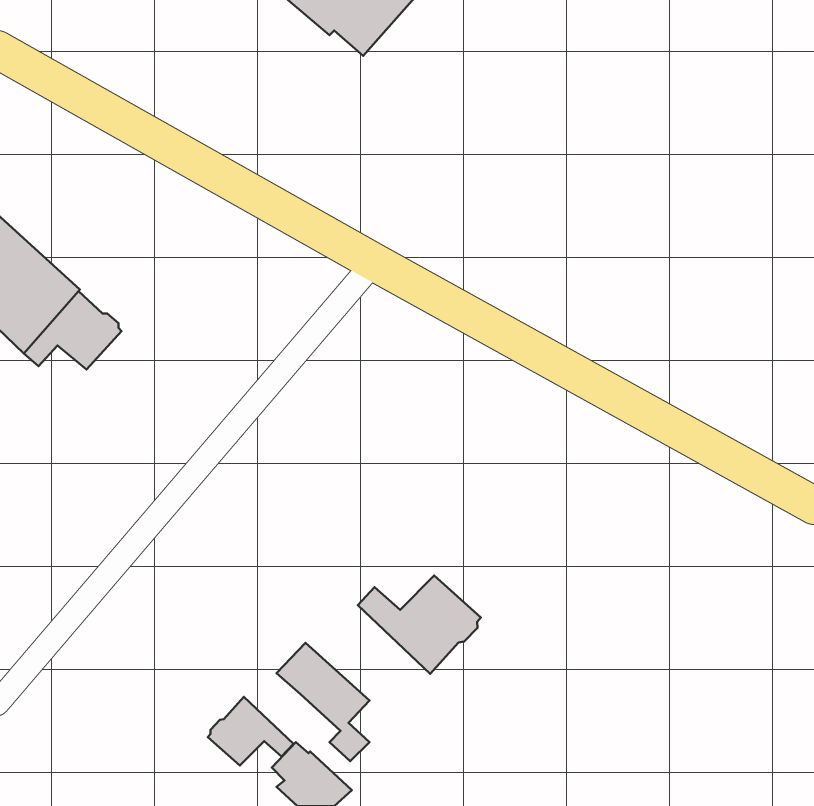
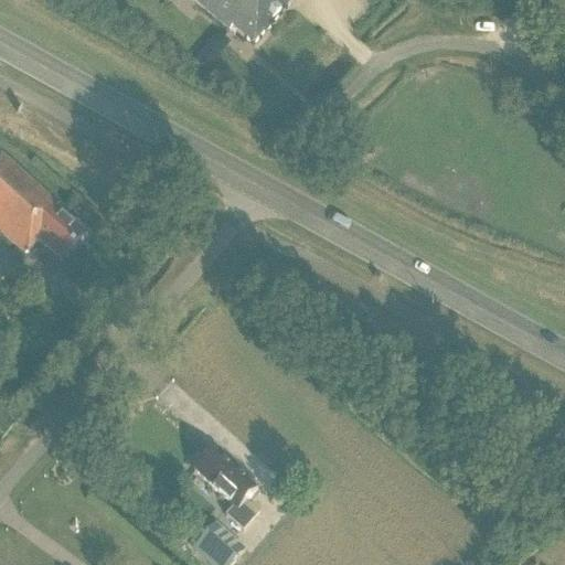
building: [358,575,481,674] -> none
building: [208,697,293,766] -> none

